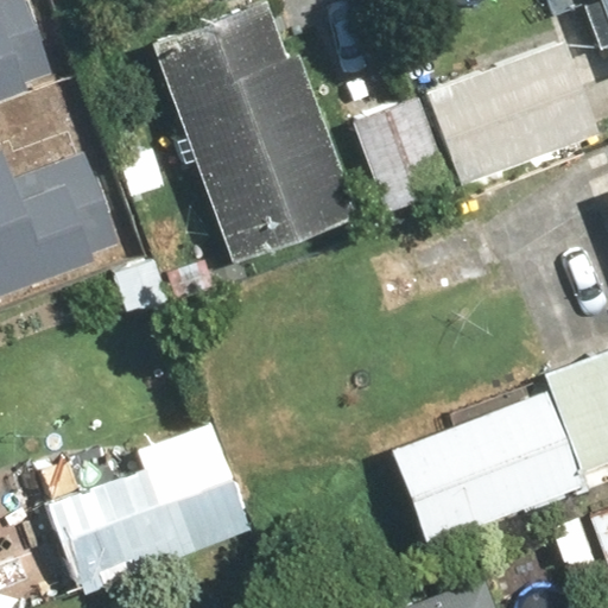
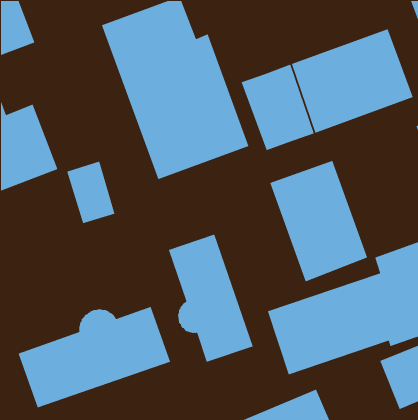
building: none -> [269,160,368,282]
building: none -> [168,234,254,363]

